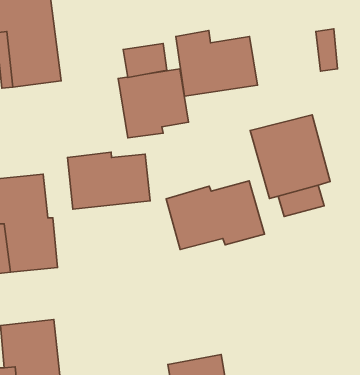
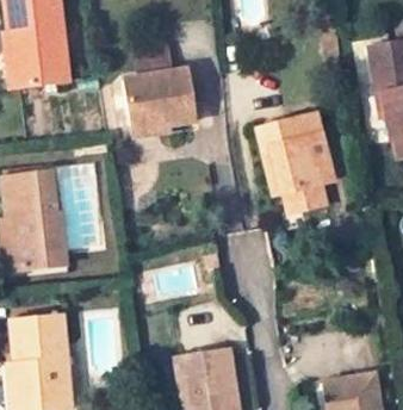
building: [176,31,258,96] -> none
building: [67,152,150,209] -> none
building: [166,181,264,249] -> none

